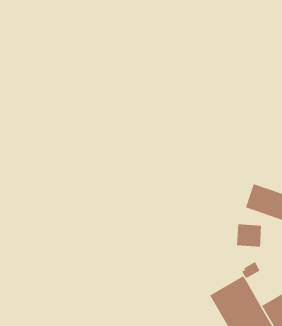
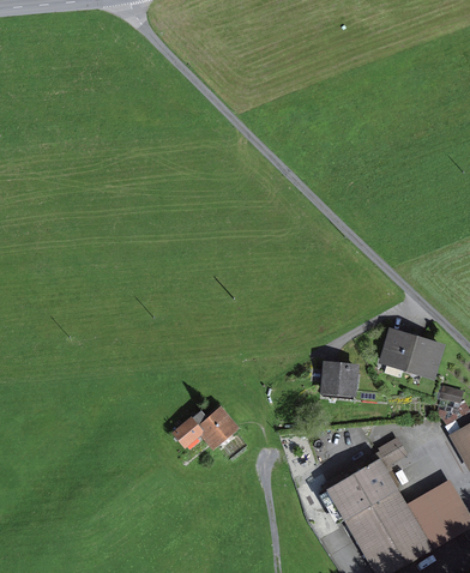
building: [236,224,262,247] -> [323,358,361,393]
building: none -> [170,409,234,450]

